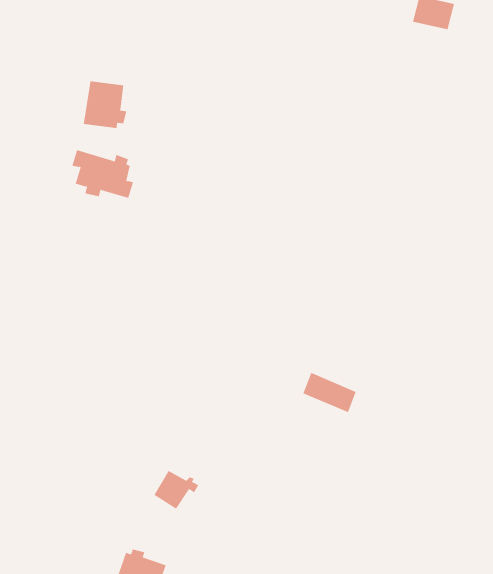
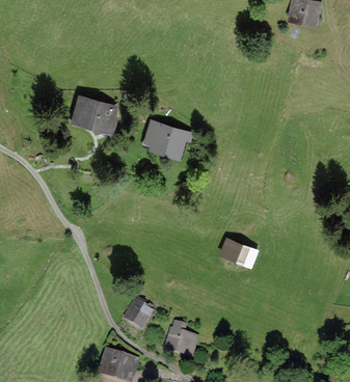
building: [83,81,127,129] -> none
building: none -> [146,124,188,153]
building: none -> [167,326,194,354]

